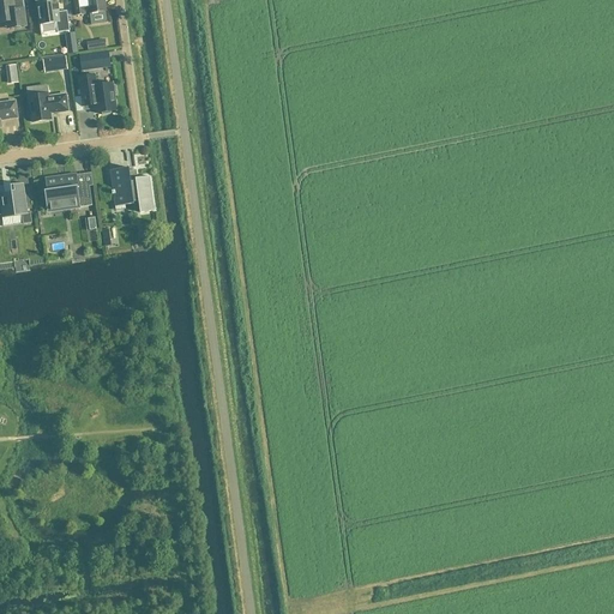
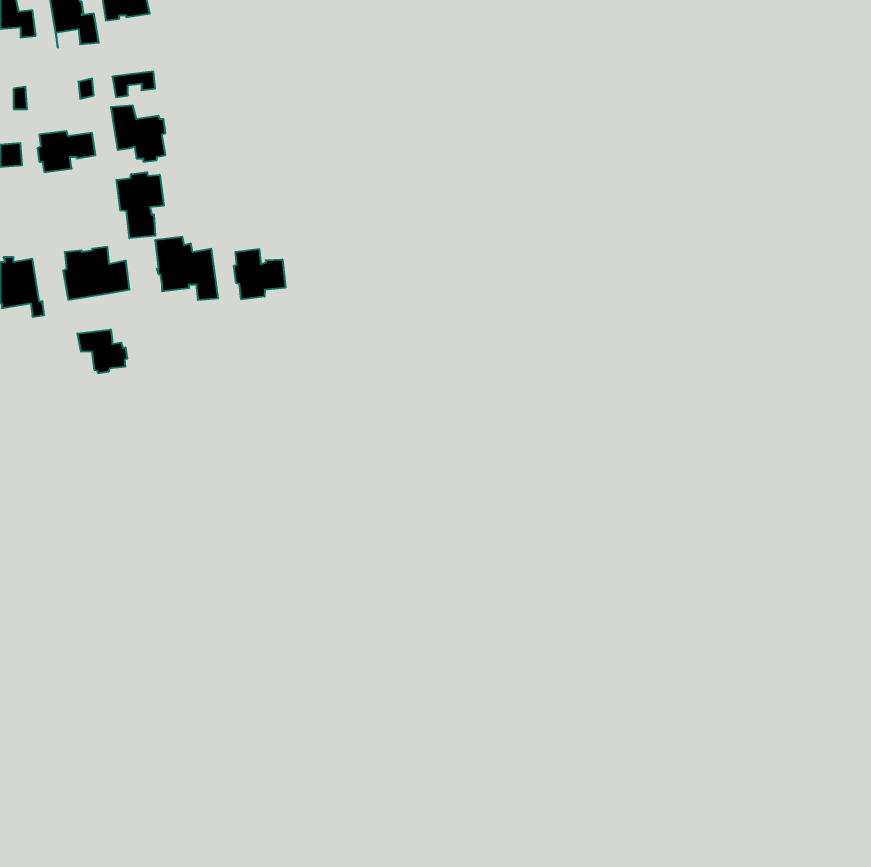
building: none -> [116,172,164,238]
building: none -> [234,249,285,299]
building: none -> [77,329,127,373]

